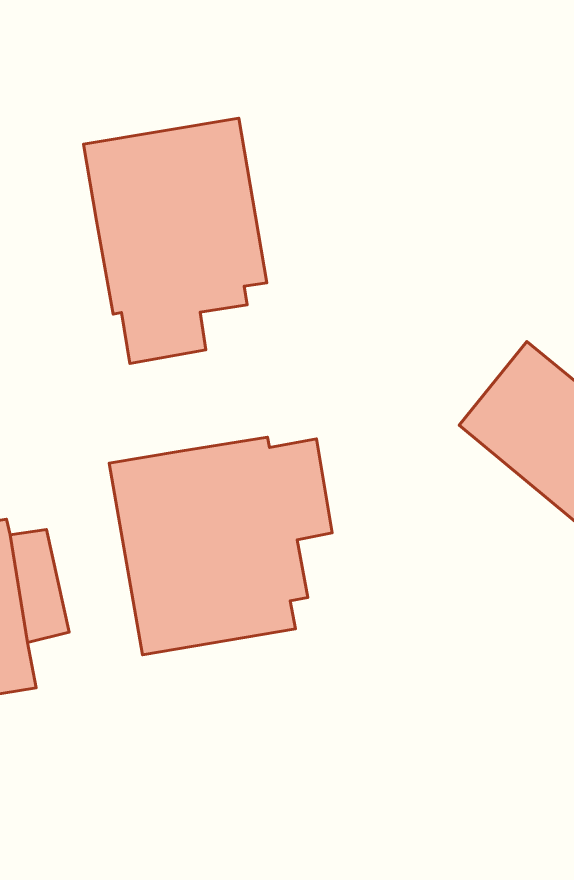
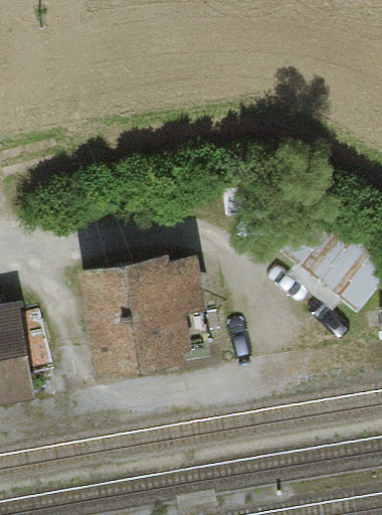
building: [84,118,267,363] -> none

